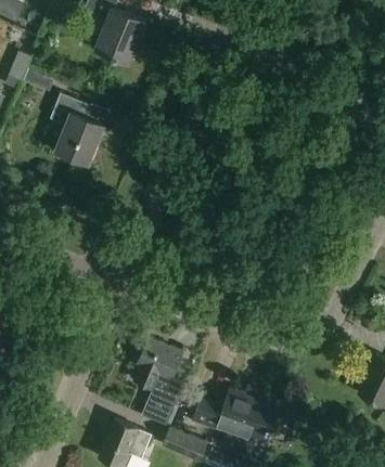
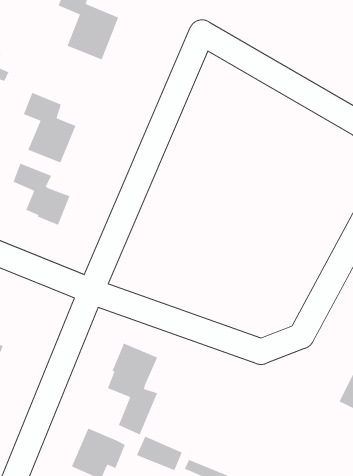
building: none -> [12,163,71,226]
building: [193,388,297,442] -> none

